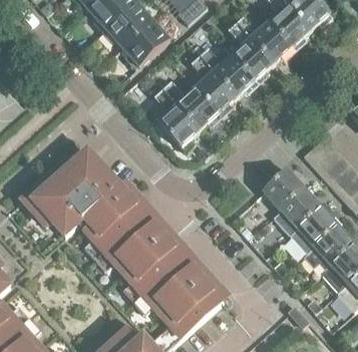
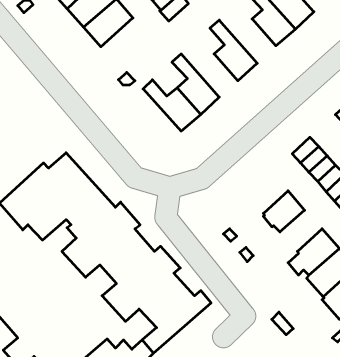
building: [237,12,292,62] -> none
building: [121,18,169,65] -> none
building: [200,46,255,95] -> none
building: [153,87,200,145] -> none
building: [263,168,304,209] -> none
building: [296,206,337,246] -> none

